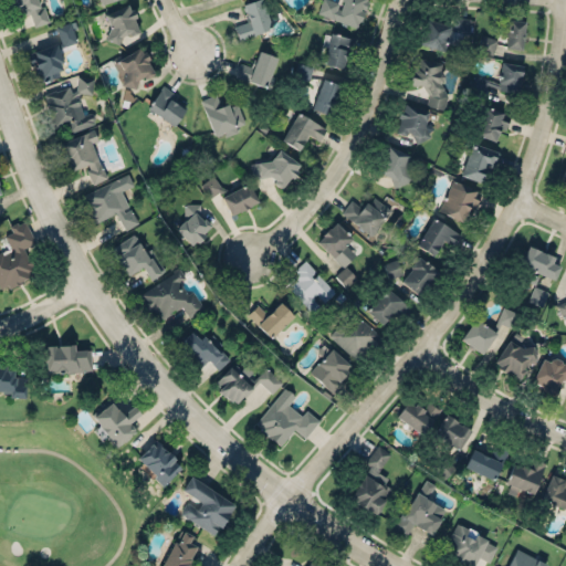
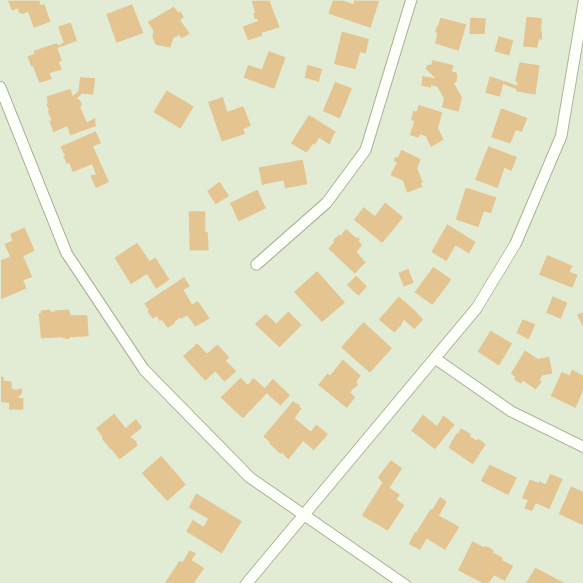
building: [114,48,156,88] -> [147,6,190,48]
building: [83,174,139,231] -> none
building: [43,345,93,375] -> [38,309,89,340]

